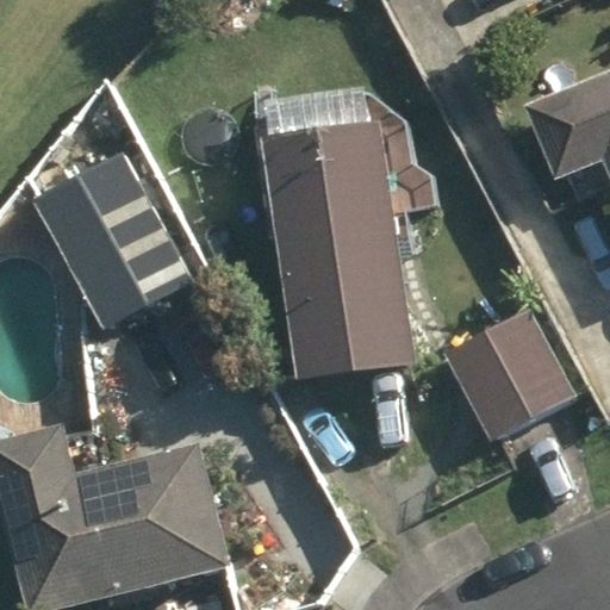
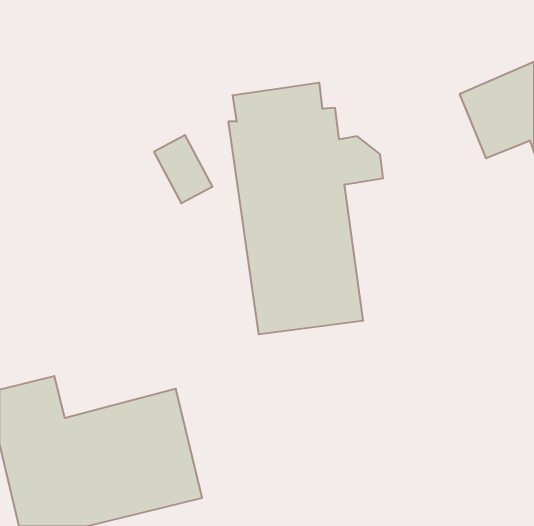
building: [32,150,193,330] -> none
building: [460,309,578,434] -> none

